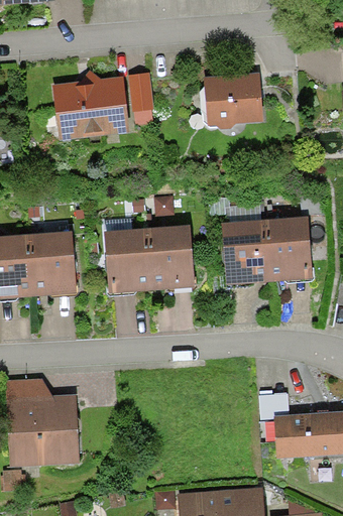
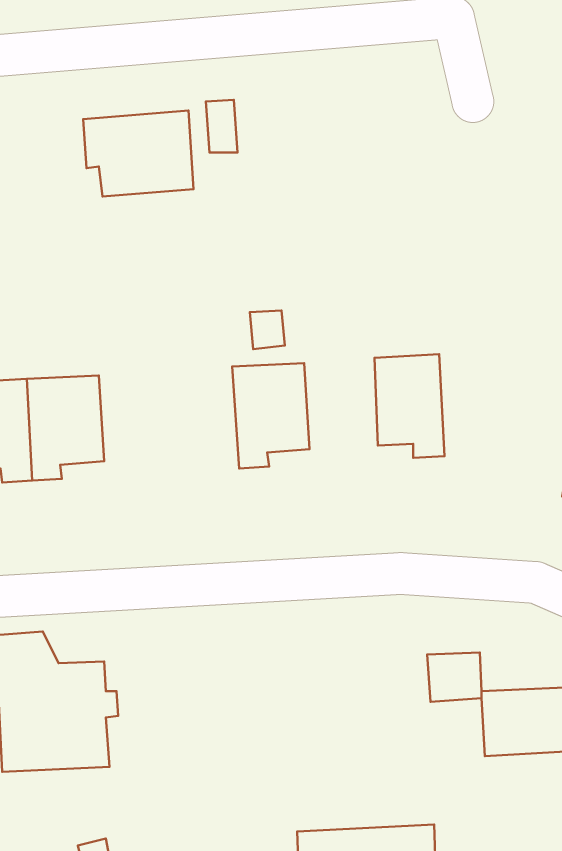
building: [204,75,261,120] -> none
building: [263,219,307,279] -> none
building: [107,228,148,287] -> none

